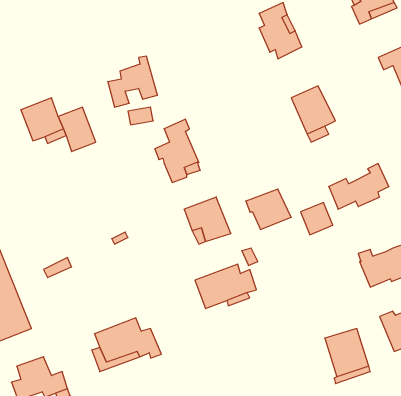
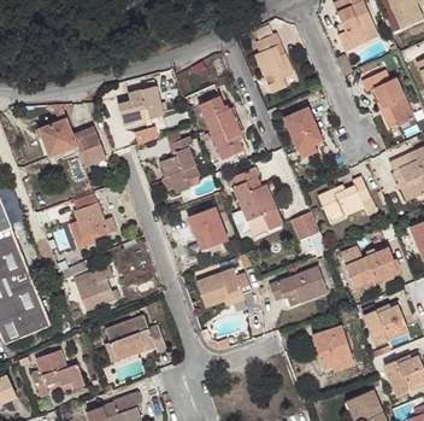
building: none -> [198,97,243,159]
building: none -> [228,168,271,211]
building: none -> [72,194,116,239]
building: none -> [269,265,326,305]
building: none -> [75,267,114,310]

